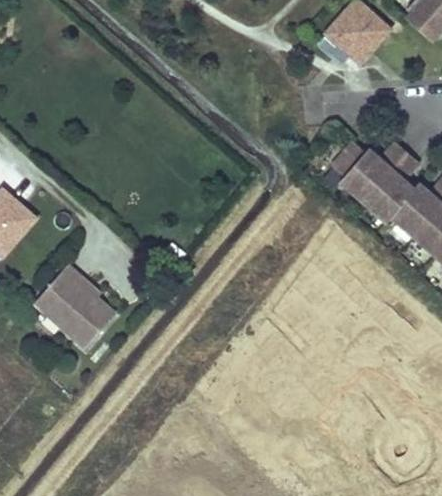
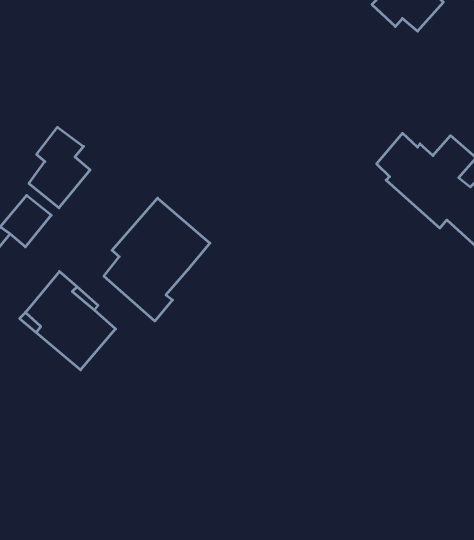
building: none -> [29,127,90,208]
building: none -> [104,198,210,321]

